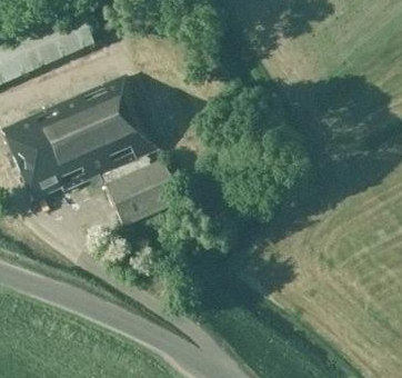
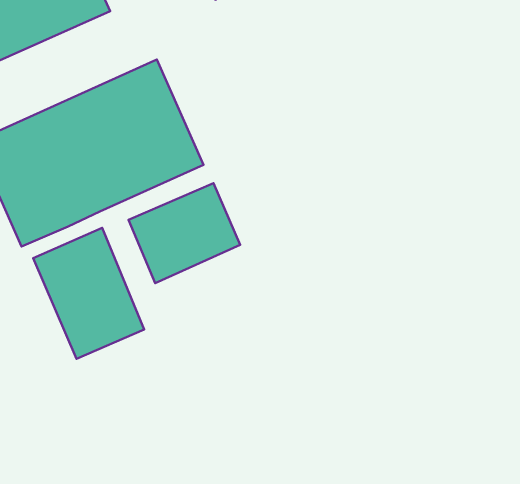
building: none -> [33,228,144,359]

